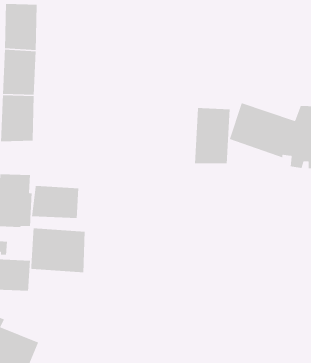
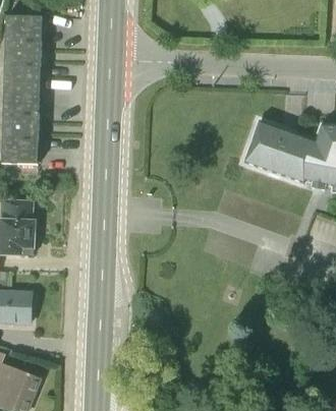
building: [194,107,230,164] -> none
building: [31,184,79,219] -> none
building: [30,228,85,273] -> none

